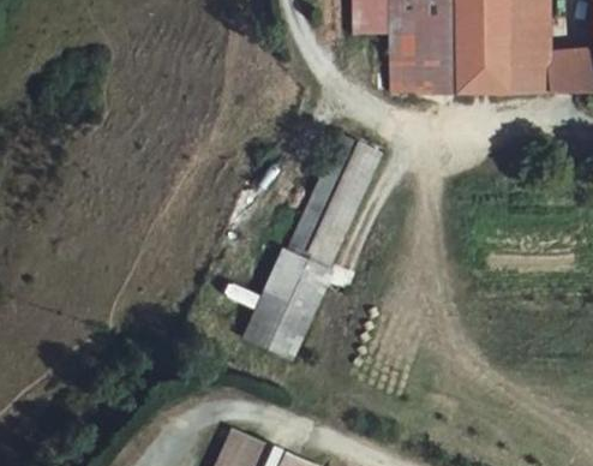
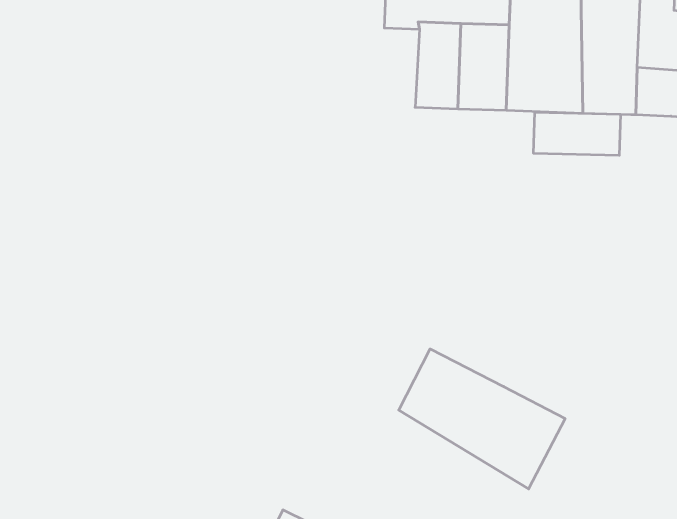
building: none -> [534,112,620,155]
building: [235,135,385,351] -> none
building: none -> [399,349,565,489]

